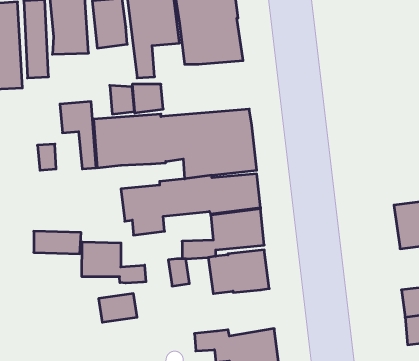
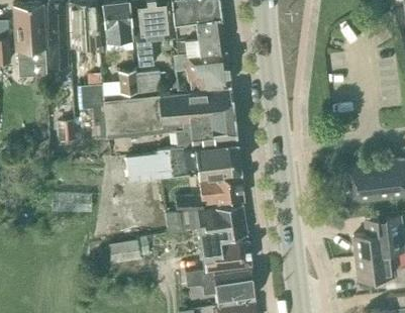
building: none -> [173,53,229,90]
building: [82,242,146,283] -> none
building: none -> [201,238,250,272]

